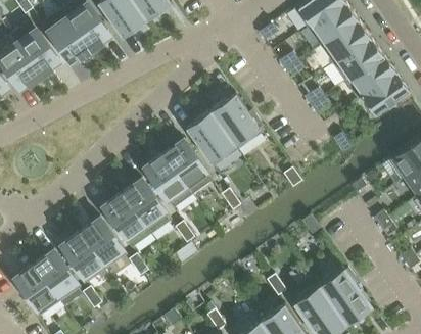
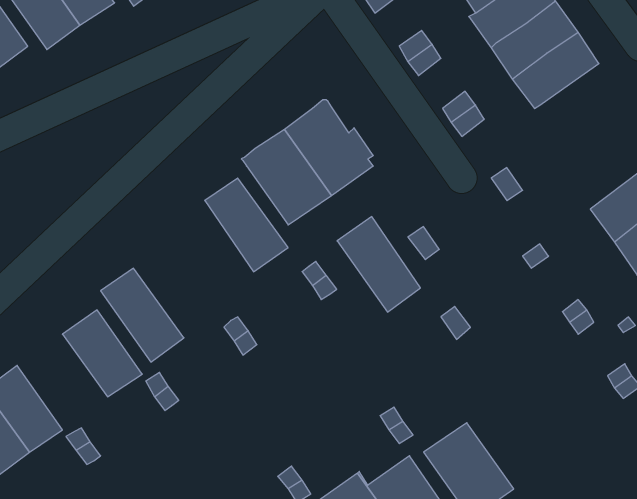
building: [361,73,409,115] -> none
building: [143,153,192,209] -> [337,217,420,312]
building: [122,179,171,234] -> none
building: [60,232,106,283] -> none
building: [318,267,370,323] -> none

